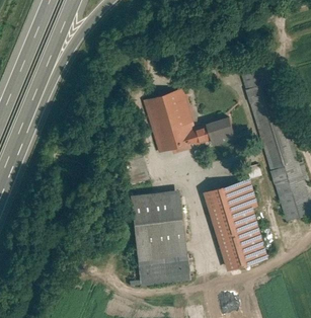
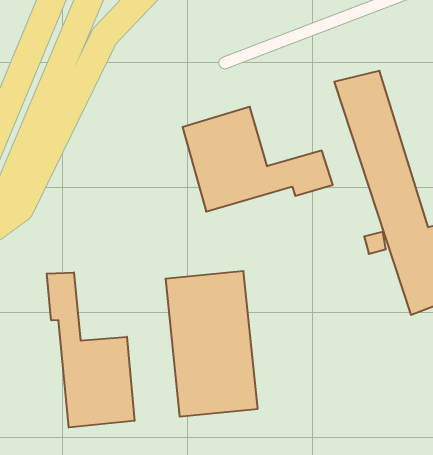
building: [201,178,268,272] -> none
building: none -> [47,272,134,428]

